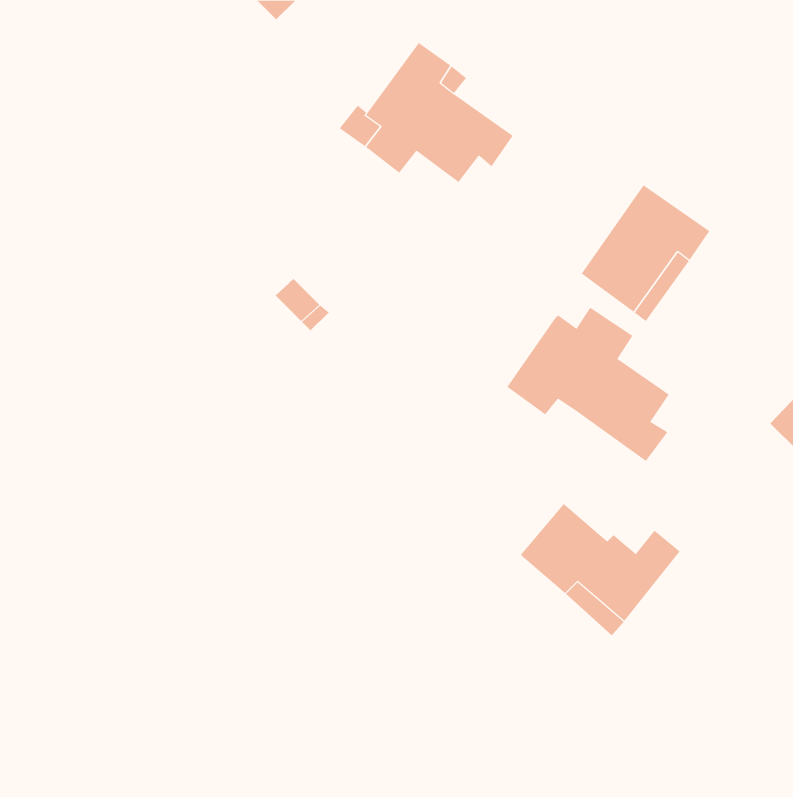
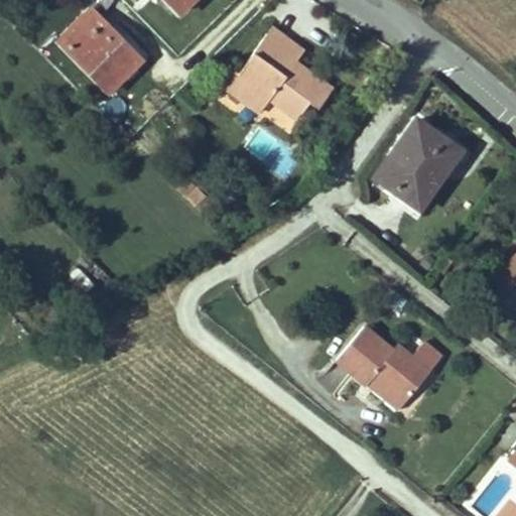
building: none -> [61,10,143,93]
building: [506,307,669,462] -> none

